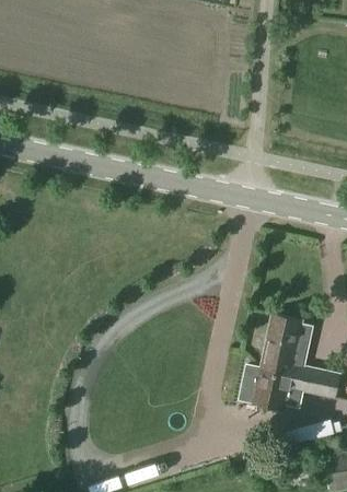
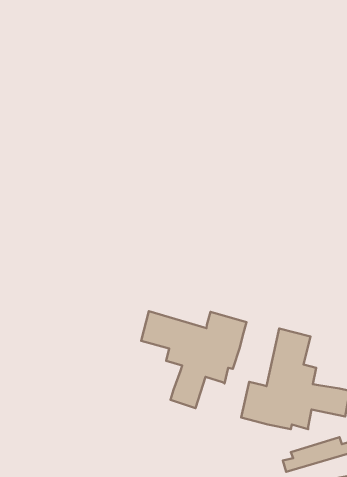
building: none -> [141,311,246,408]

